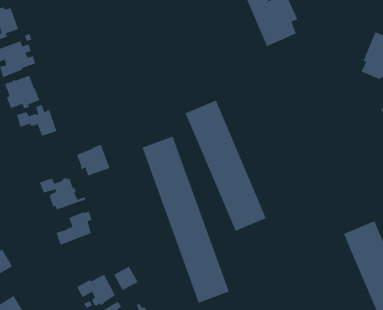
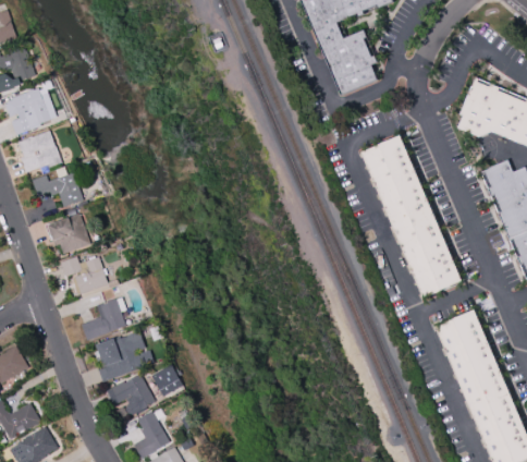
building: [184,100,267,232] -> [359,135,461,297]
building: [141,135,230,304] -> none
building: [76,144,111,177] -> [49,214,91,254]
building: none -> [98,332,155,382]

